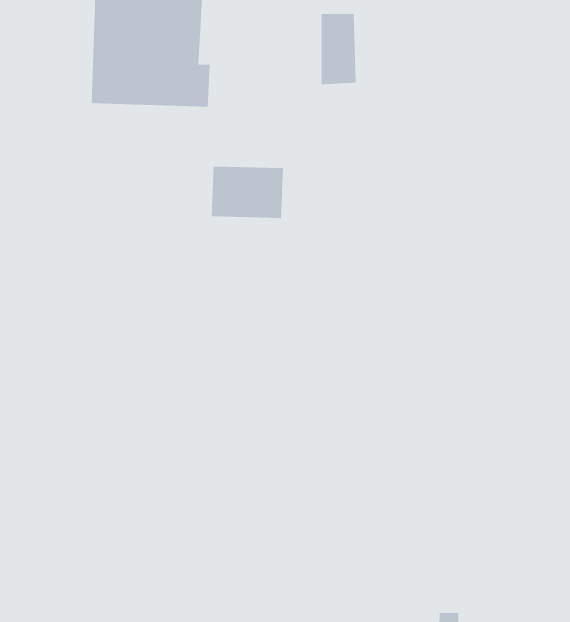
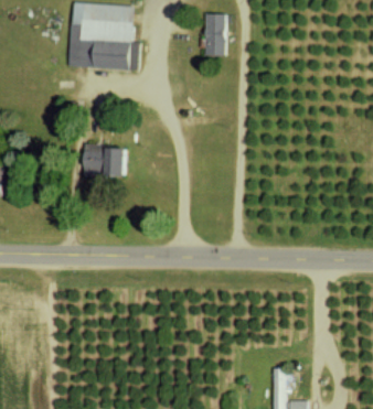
building: [211,166,284,218] -> [85,146,128,176]

